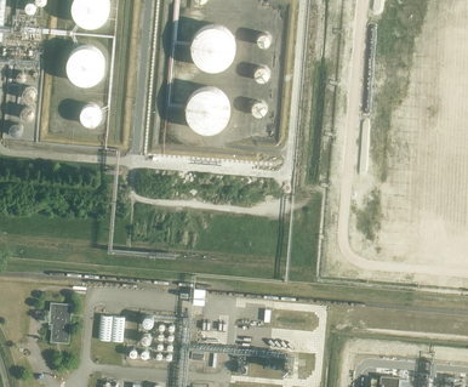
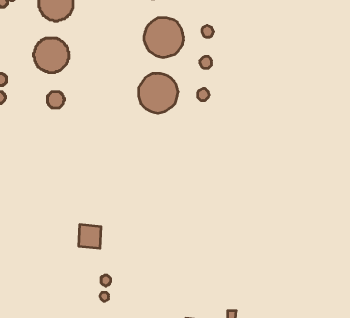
building: [48,303,72,343] -> none
building: [98,315,124,342] -> [79,225,101,248]

